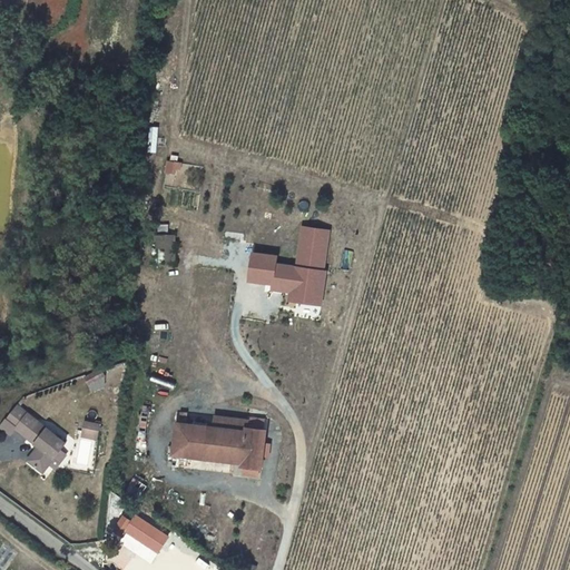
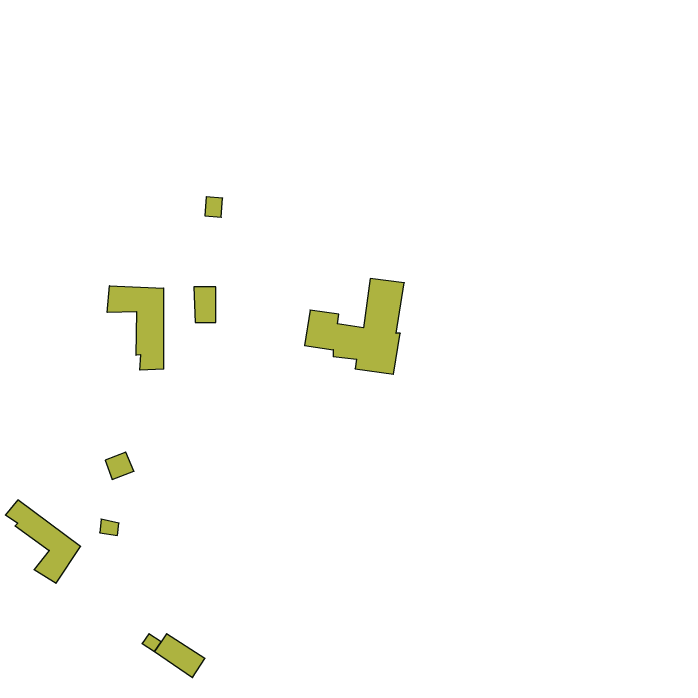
building: none -> [107,286,164,370]
building: [170,419,263,468] -> none

